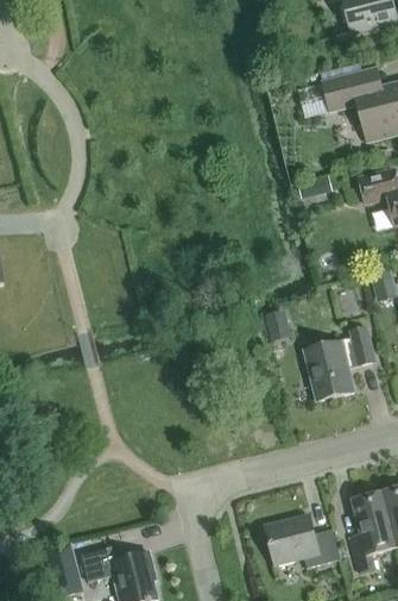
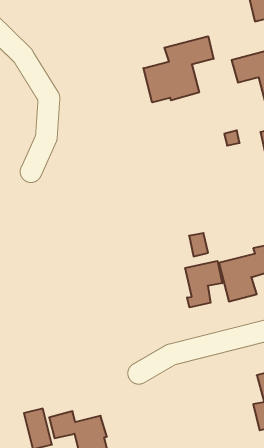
building: none -> [143,36,214,102]
building: none -> [185,261,222,307]
building: [265,514,340,566] -> none

